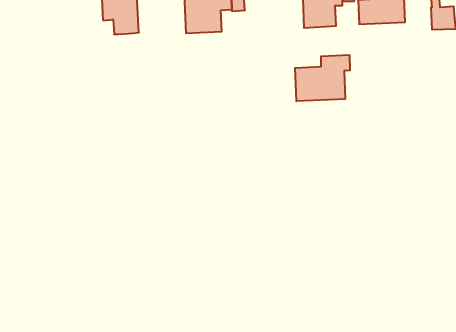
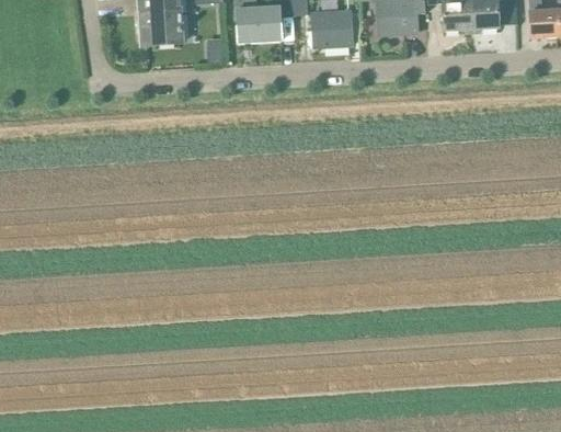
building: none -> [312,13,351,46]
building: [295,55,350,101] -> none

